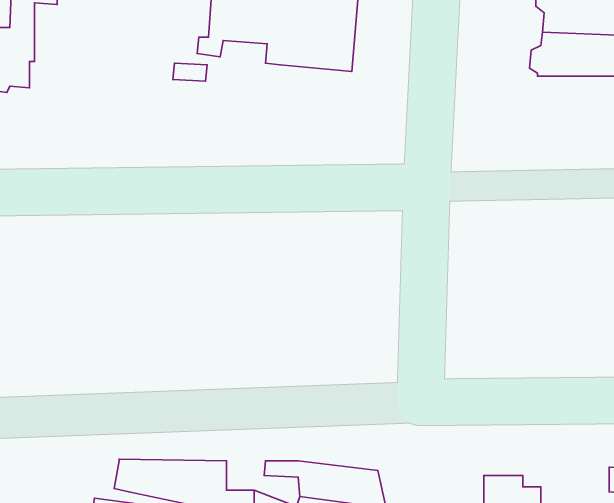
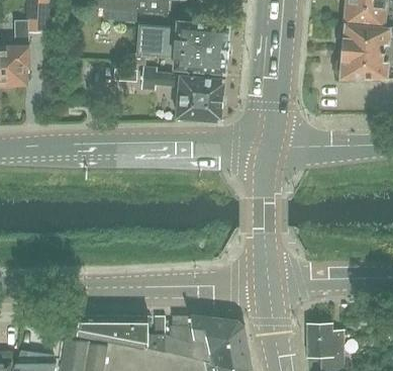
building: none -> [139,69,223,122]

